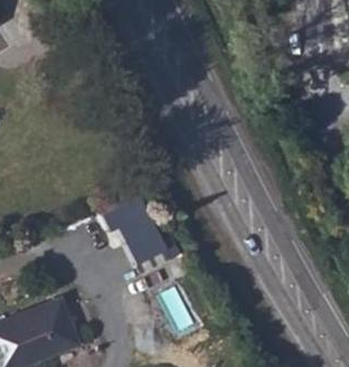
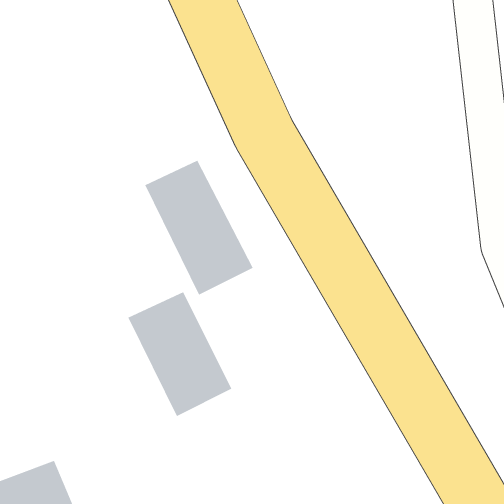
building: none -> [144,160,254,295]

